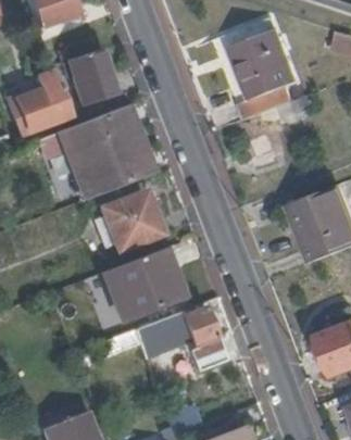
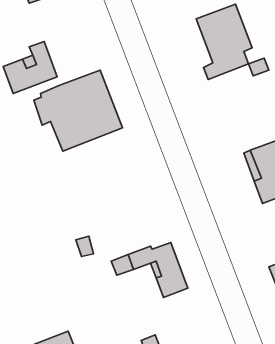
building: [63,51,115,109] -> none
building: [95,192,162,251] -> none
building: [102,250,180,322] -> none

